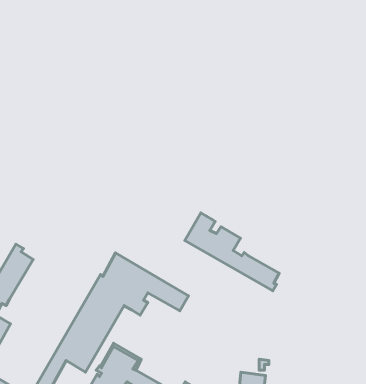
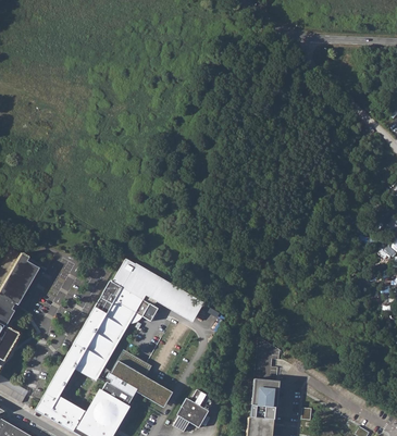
building: [185,213,279,291] -> none

